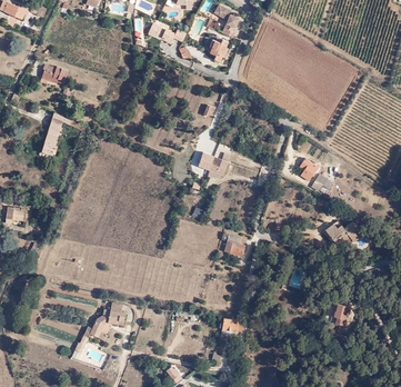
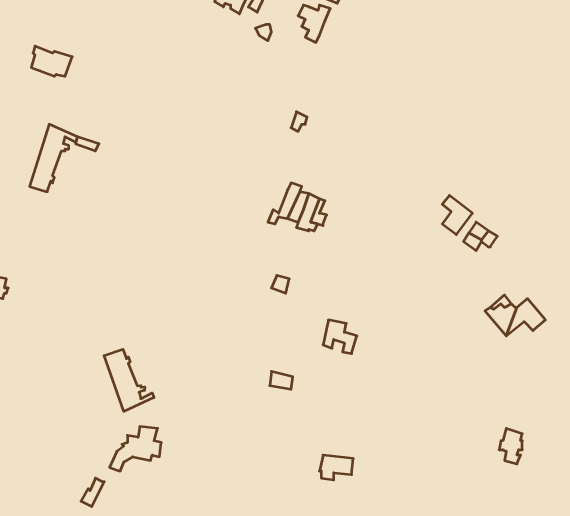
building: none -> [104,349,154,411]

